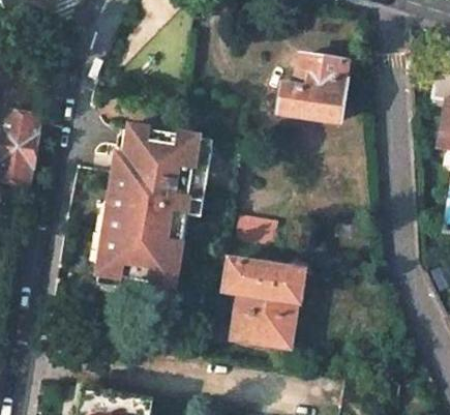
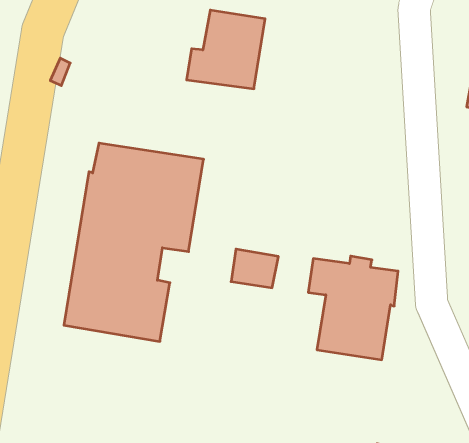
building: [280,55,346,120] -> [187,10,265,89]
building: [226,260,300,346] -> [308,256,398,360]

